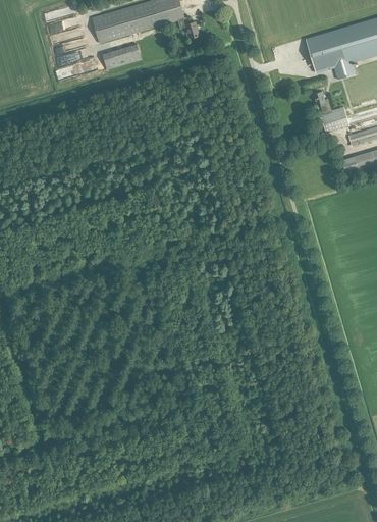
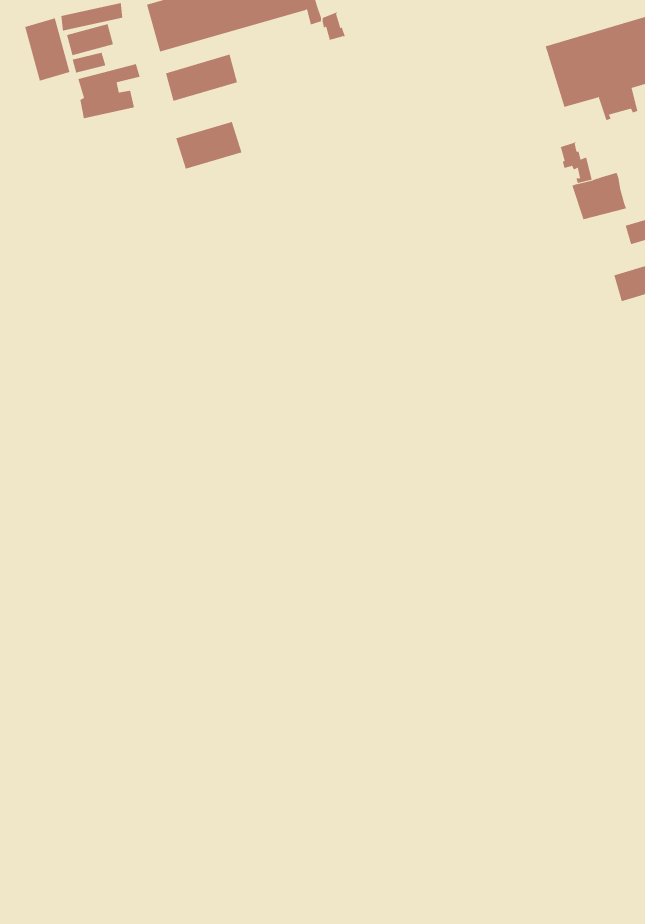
building: none -> [24,18,70,82]
building: none -> [176,121,242,170]

